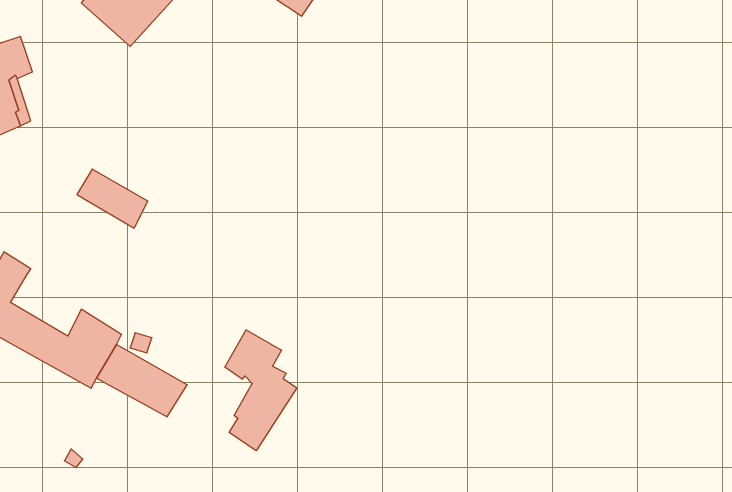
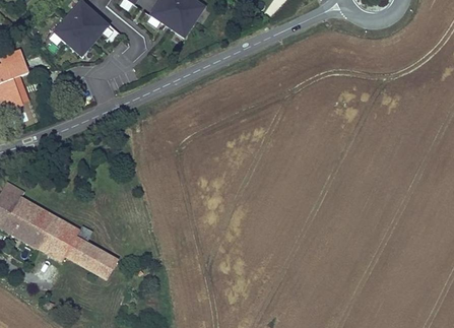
building: [77,169,148,228] -> [10,195,53,231]
building: [225,330,297,451] -> none

